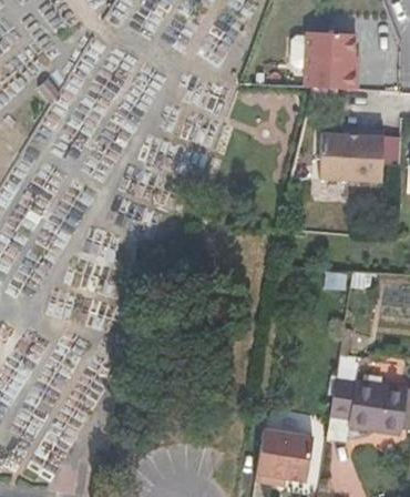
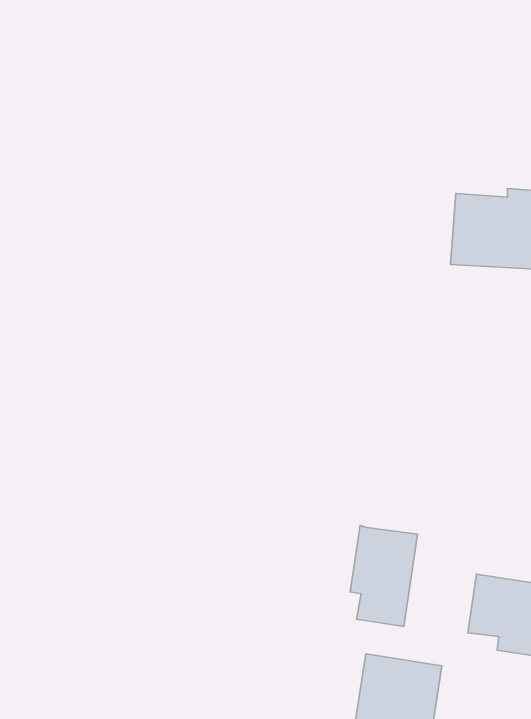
building: [290,31,358,89] -> none
building: none -> [350,525,417,626]

